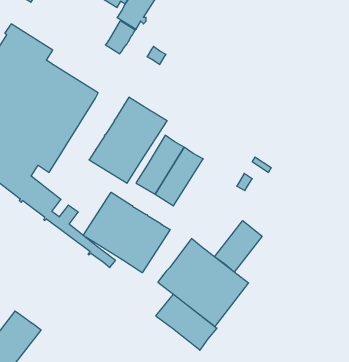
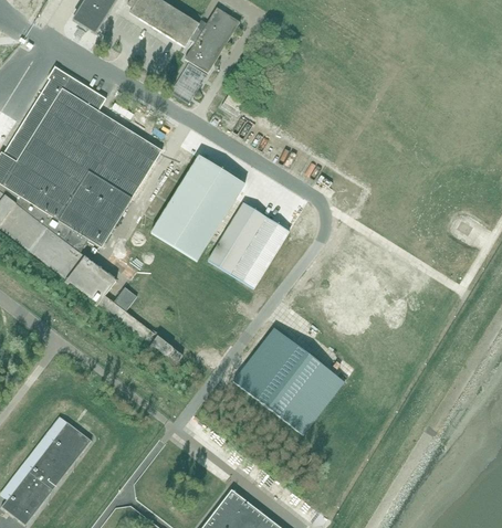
building: [83,192,170,273] -> none
building: [215,221,262,272] -> none
building: [156,294,217,350] -> none

